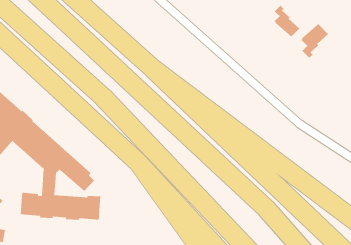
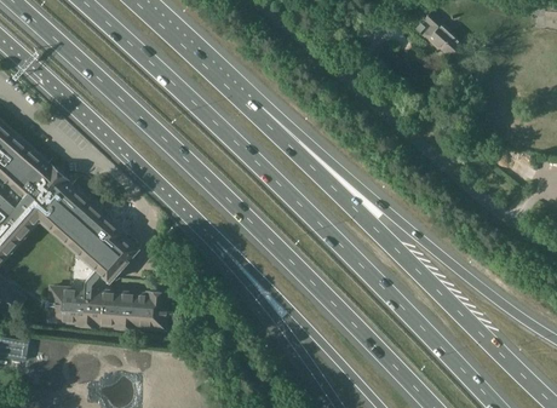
building: [301,23,329,59] -> none

